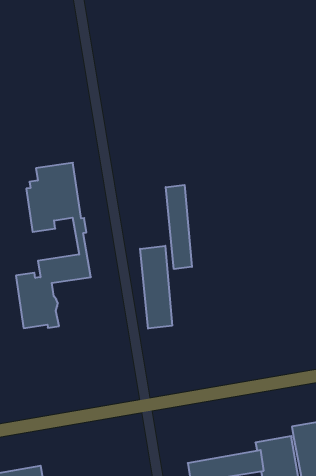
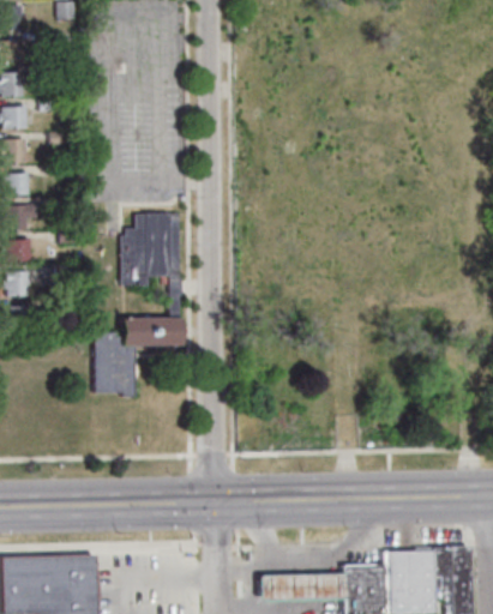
building: [166,185,192,269] -> none
building: [140,246,172,329] -> none

